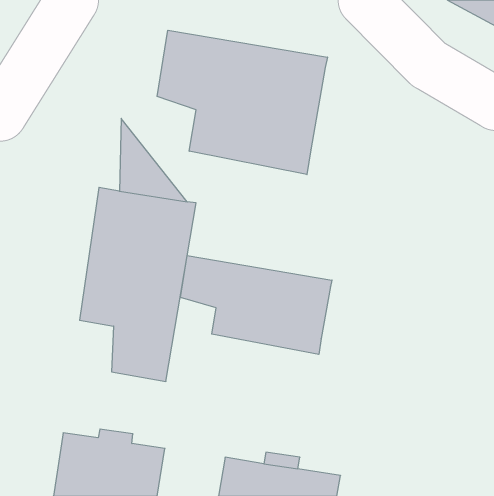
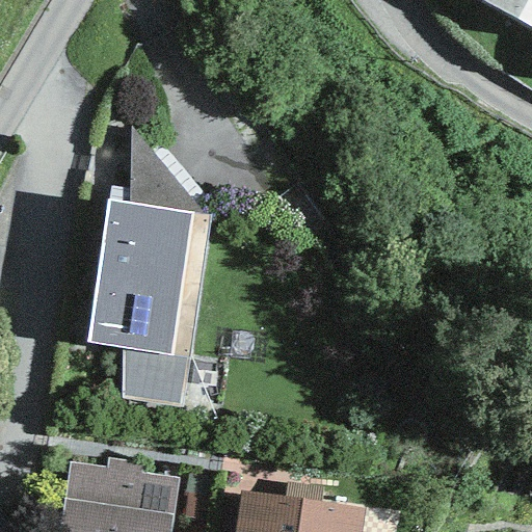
building: [157,30,327,175] -> none
building: [181,256,332,354] -> none

